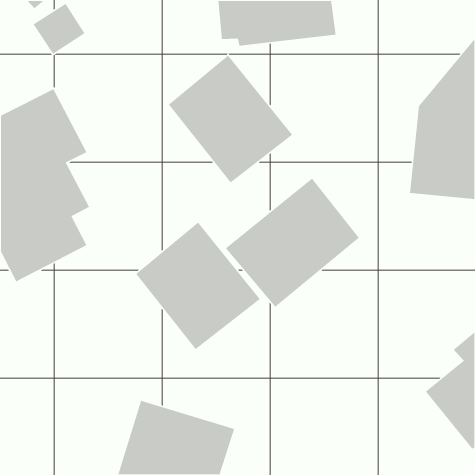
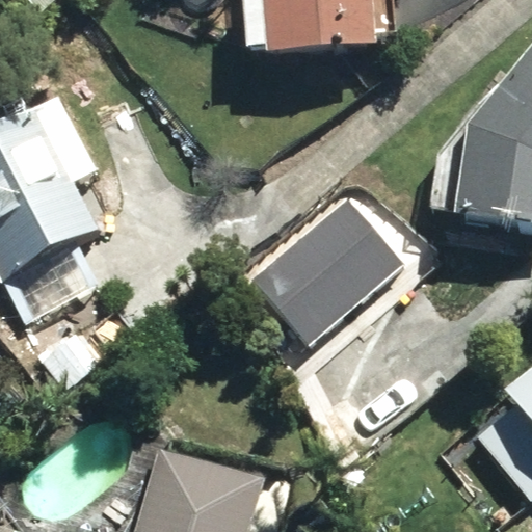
building: [168,54,293,184] -> none
building: [135,222,261,350] -> none

